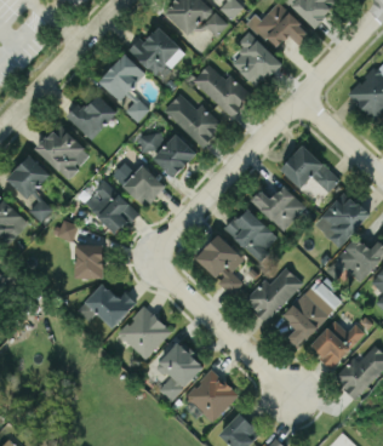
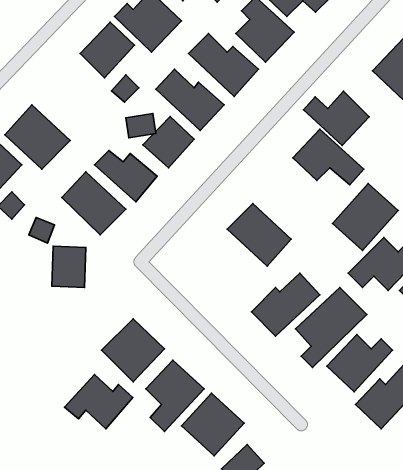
building: [65,95,116,139] -> none
building: [250,184,305,230] -> [304,91,369,145]
building: [195,234,244,293] -> none
building: [78,282,136,328] -> [64,375,133,429]

